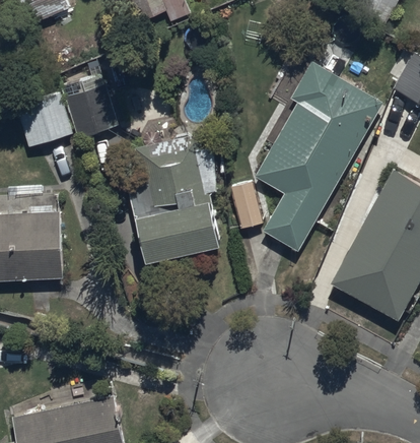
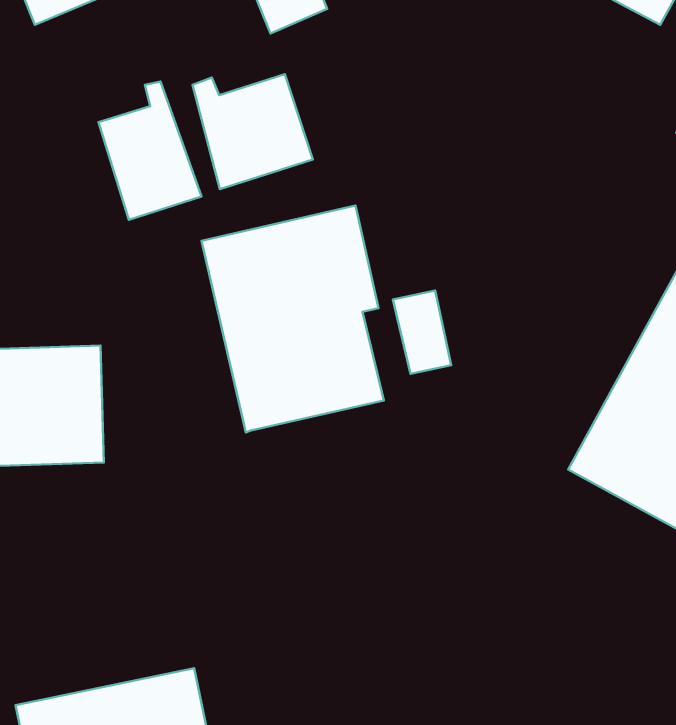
building: none -> [192,74,313,189]
building: [257,61,382,253] -> none
building: [15,87,75,147] -> none

